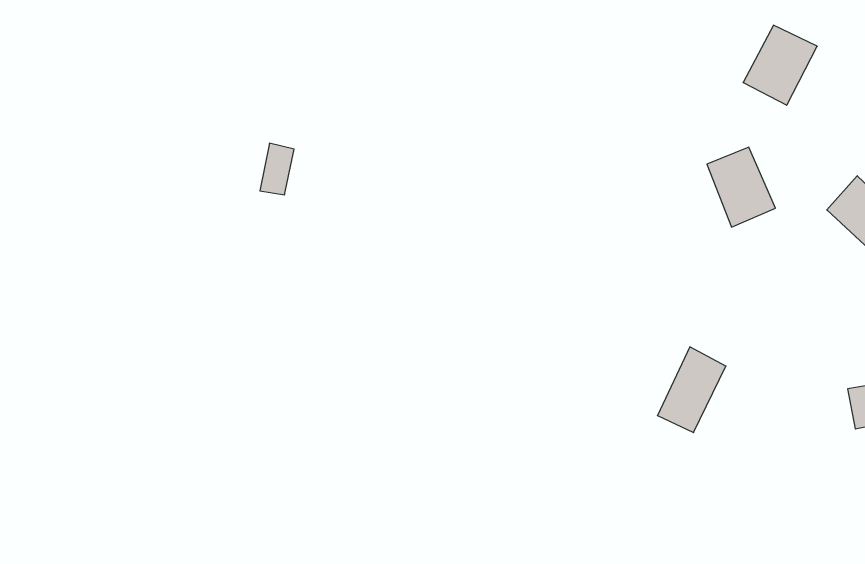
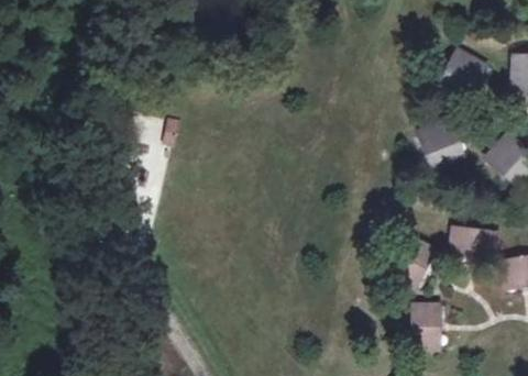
building: none -> [454,225,502,254]
building: none -> [413,305,438,349]

